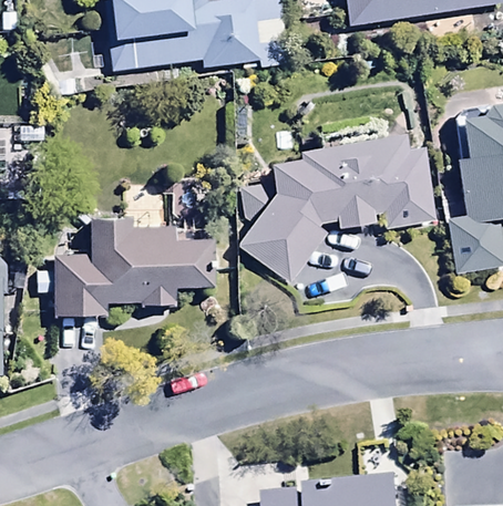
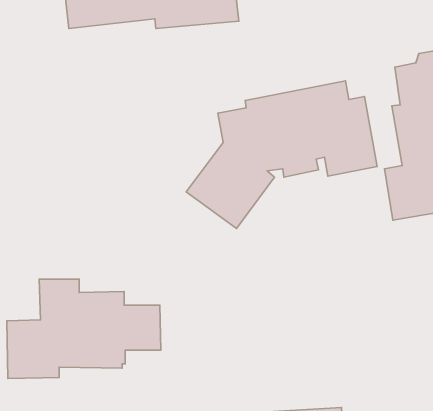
building: [52,211,215,317] -> [7,279,161,379]

